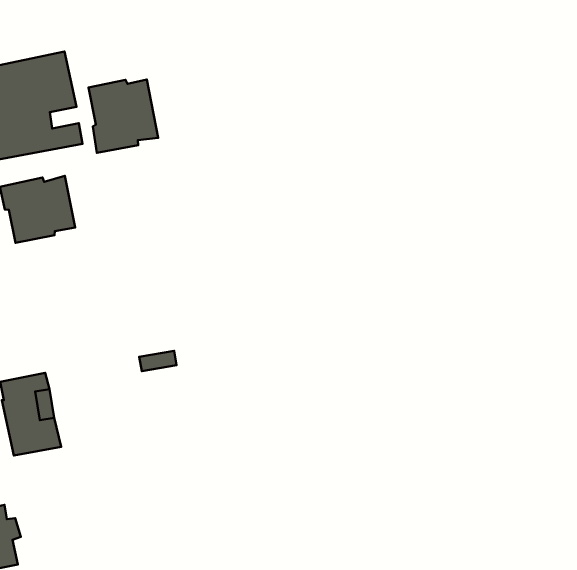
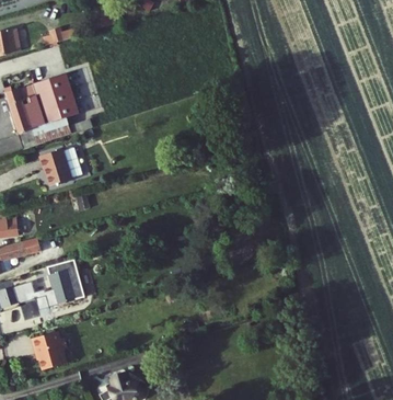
building: [88,79,158,153] -> none

